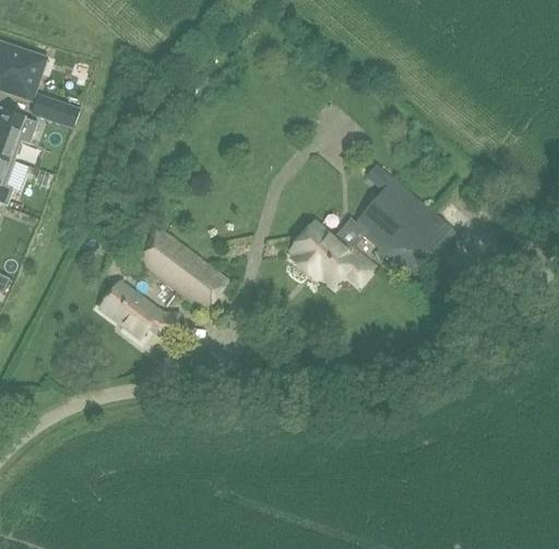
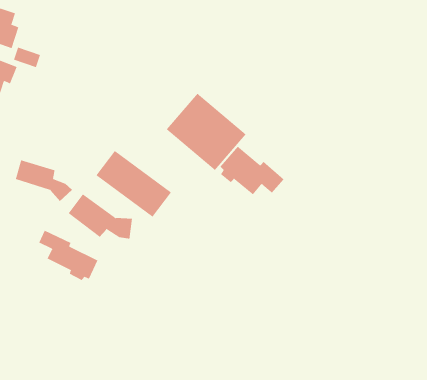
building: [353,178,454,276] -> [166,93,247,171]
building: none -> [15,160,73,202]
building: none -> [39,230,98,281]

